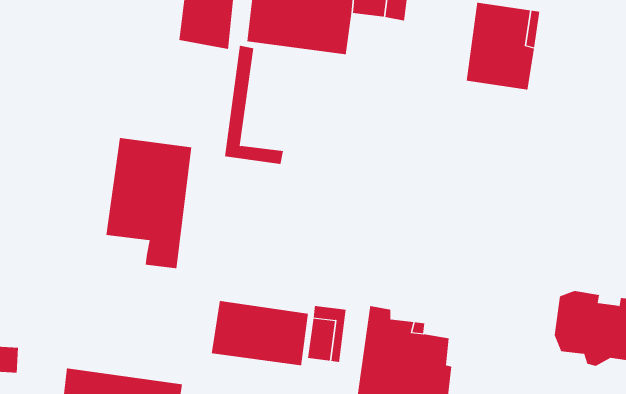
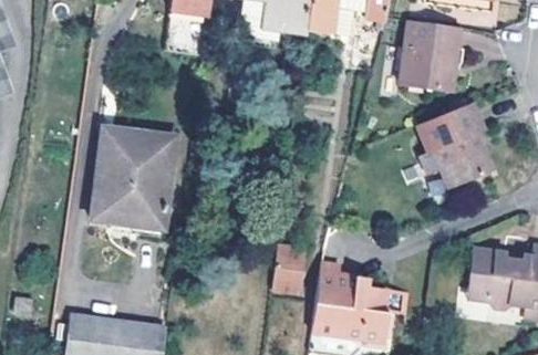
building: [224,45,284,164] -> [92,123,141,220]
building: none -> [421,101,495,186]
building: [211,300,308,366] -> none

